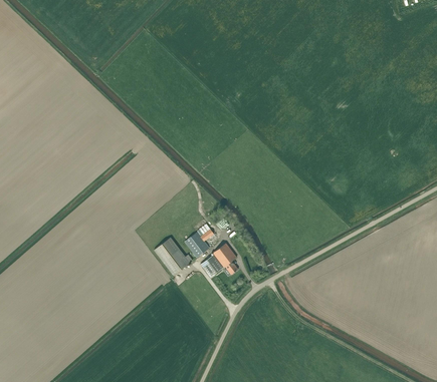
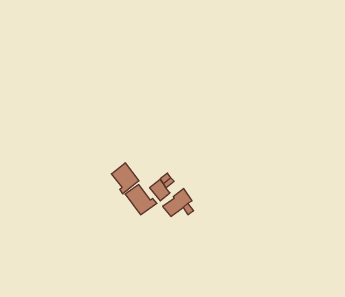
building: none -> [111,163,139,194]

